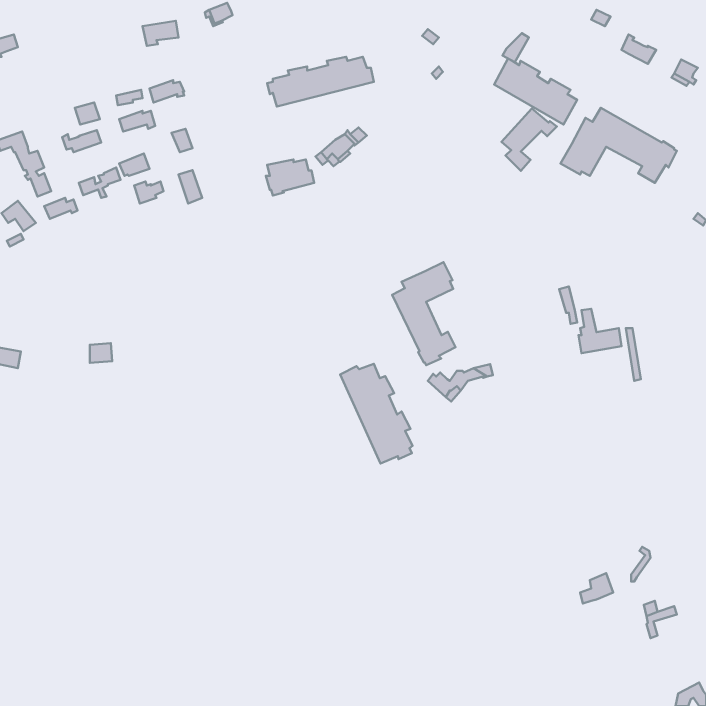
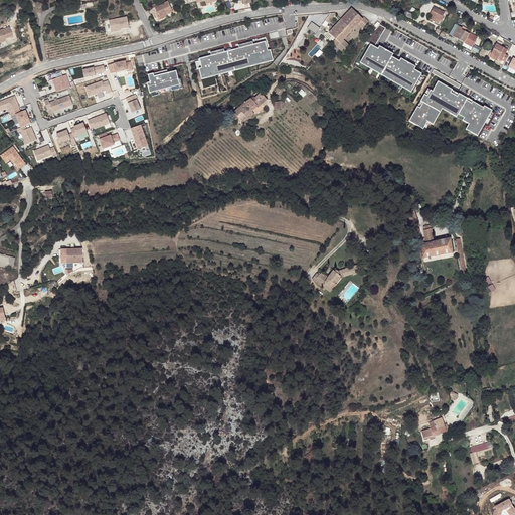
building: [501,109,557,171] -> [328,7,368,52]
building: [266,159,314,195] -> [146,69,181,96]
building: [392,262,456,365] -> none
building: [340,364,412,463] -> none

